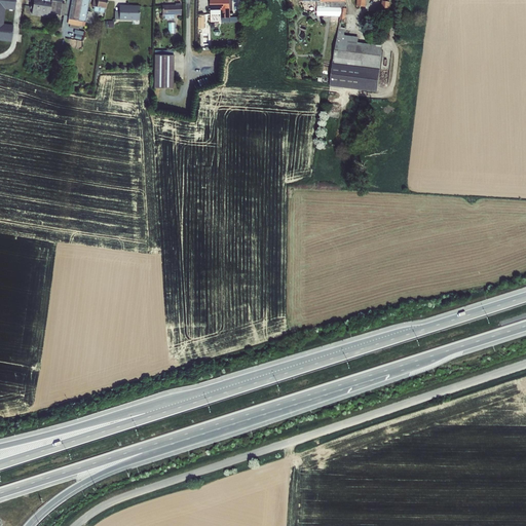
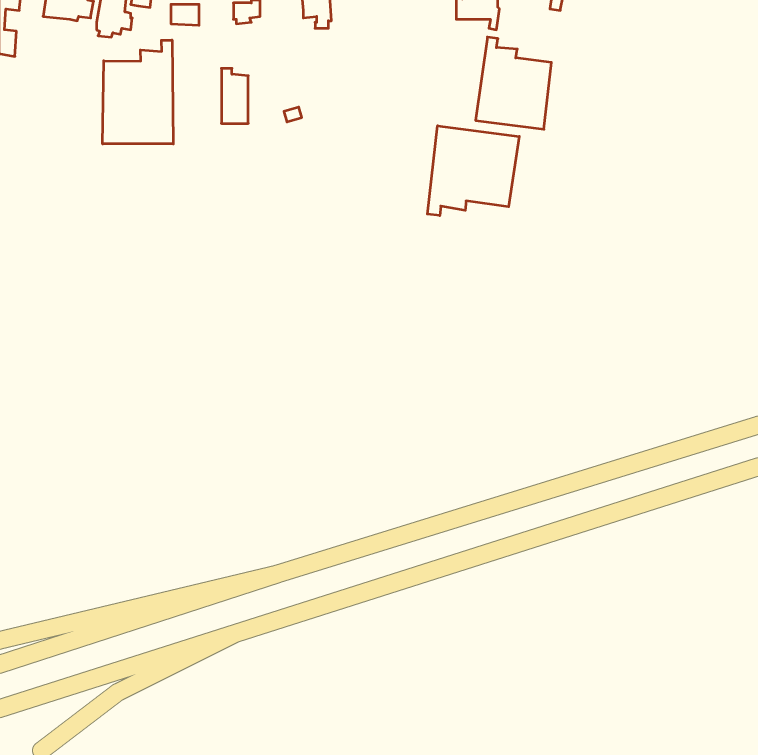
building: none -> [103,40,173,144]
building: none -> [427,126,519,216]

